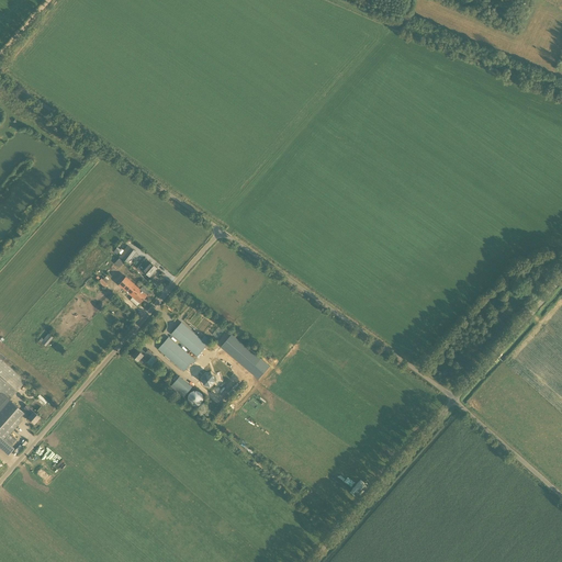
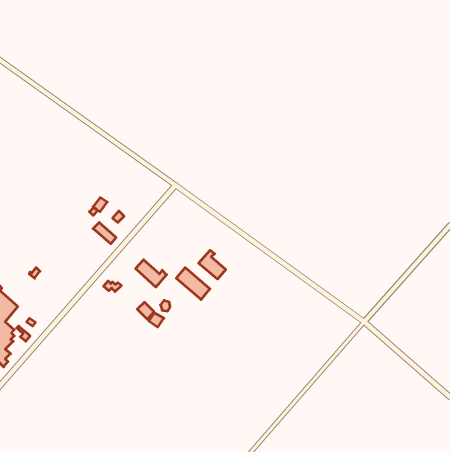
building: none -> [199,250,226,279]
building: [155,336,191,370] -> none

